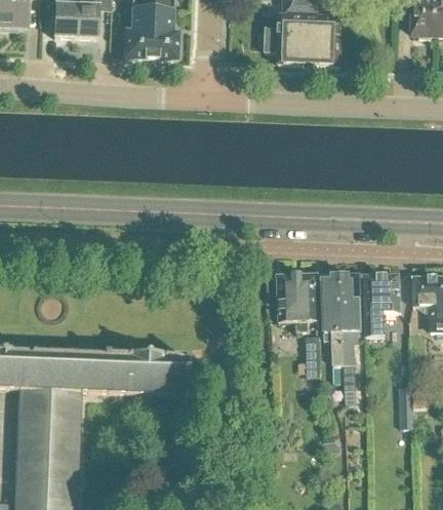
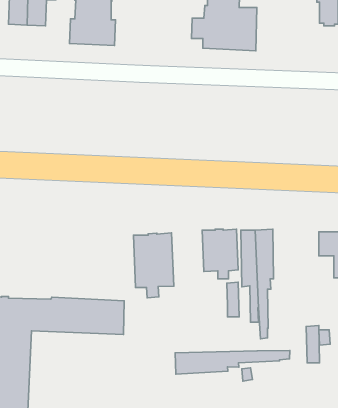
building: [364,273,401,335] -> none
building: none -> [133,233,174,298]
building: none -> [175,350,290,374]

